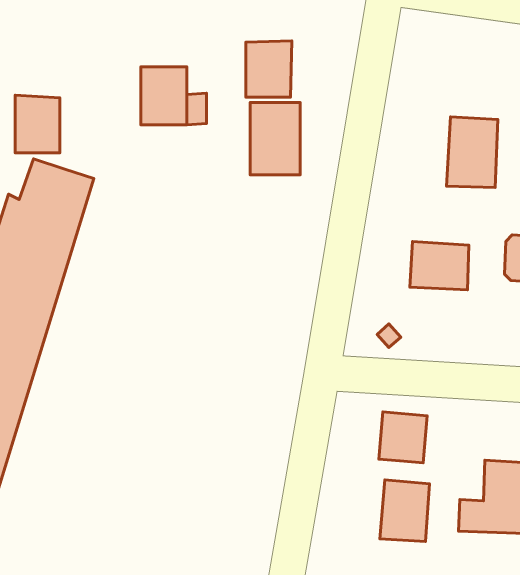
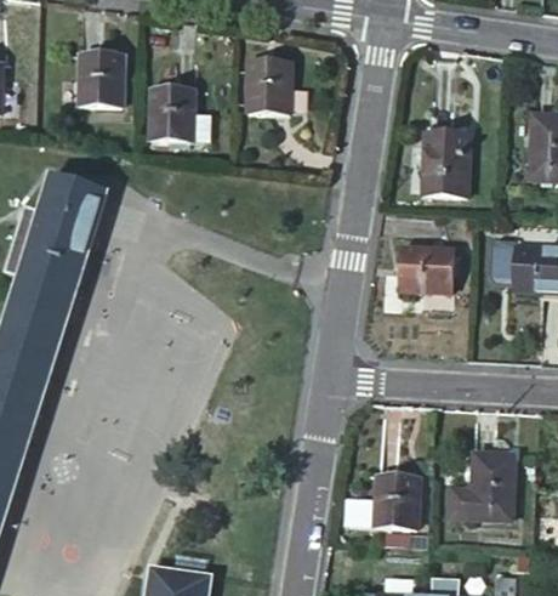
building: [15,95,60,153] -> [80,46,121,100]
building: [250,103,300,175] -> none
building: [379,412,427,463] -> none

